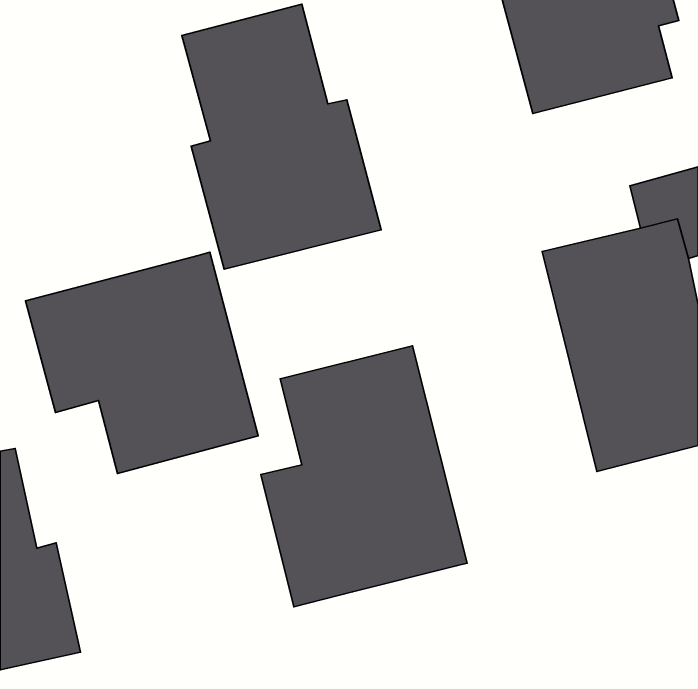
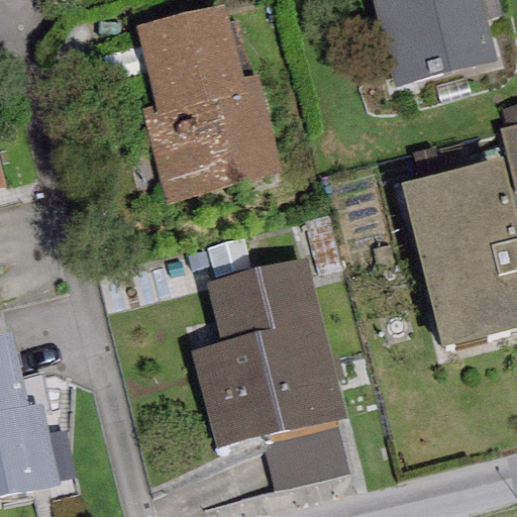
building: [25,252,258,473] -> none
building: none -> [261,418,349,488]

